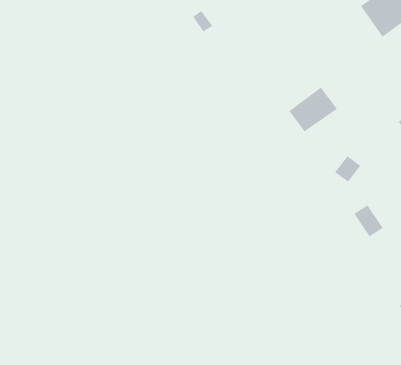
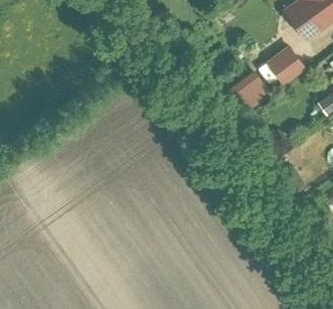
building: none -> [266,45,307,86]

